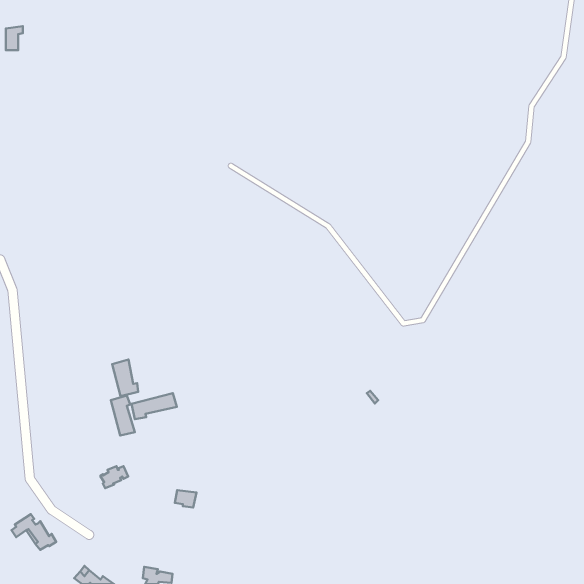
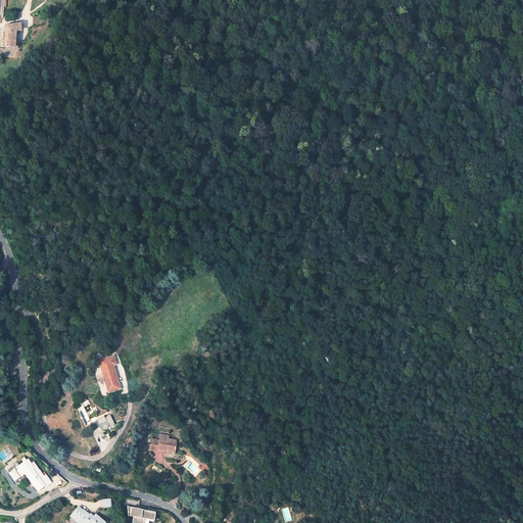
building: [112,359,138,396] -> none
building: [131,393,177,419] -> none

